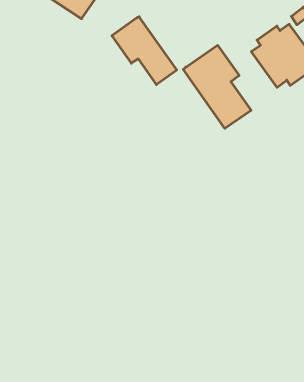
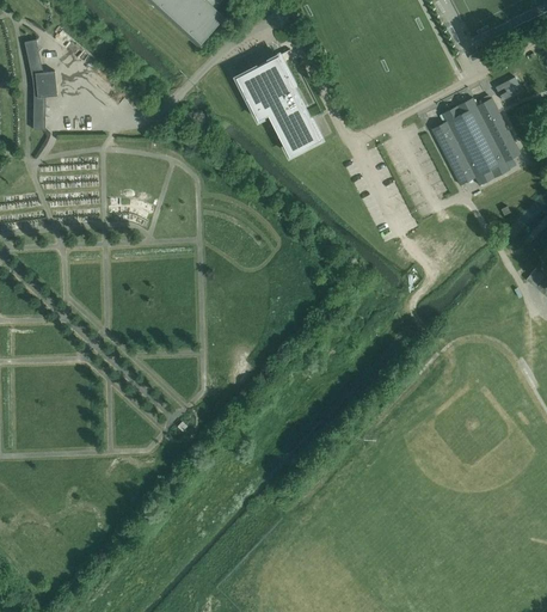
building: [183,45,251,128] -> none

